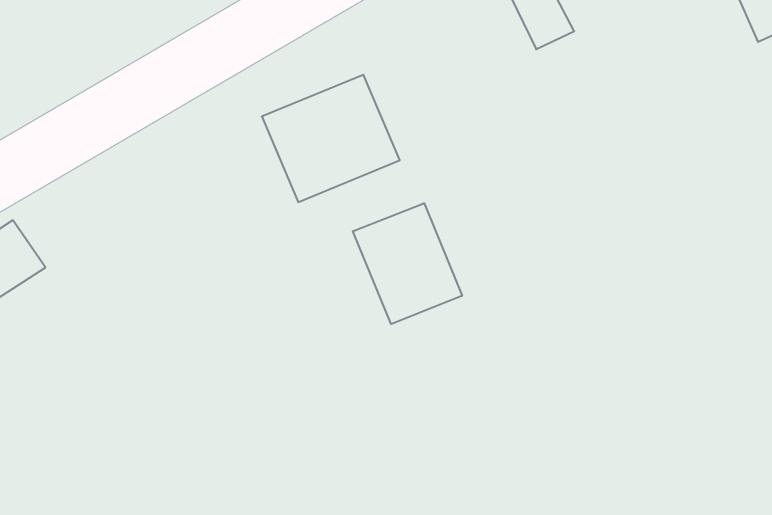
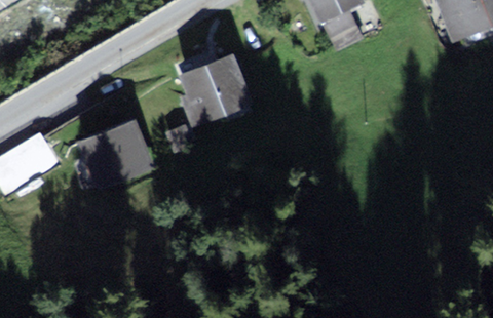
building: none -> [78,120,152,189]
building: [353,203,462,324] -> none

